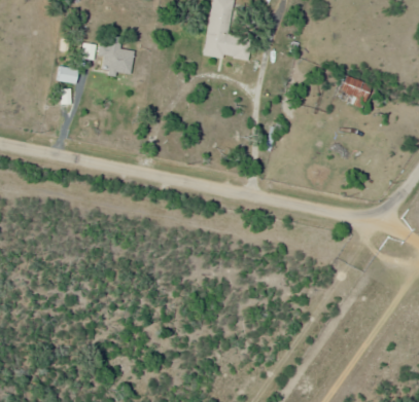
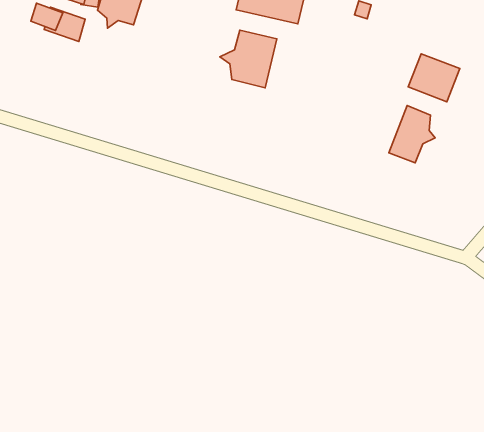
building: none -> [220,30,277,88]
building: none -> [389,105,435,163]

